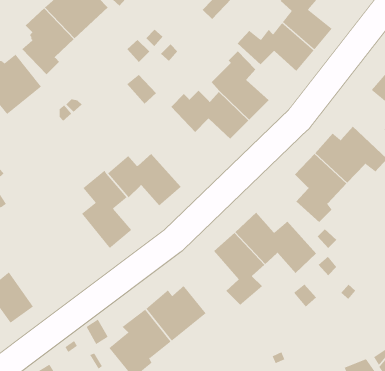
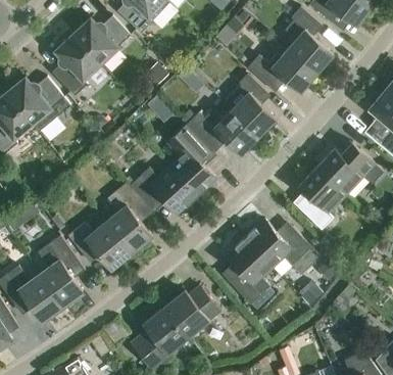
building: none -> [169,125,216,197]
building: none -> [67,222,132,270]
building: none -> [38,235,83,306]

